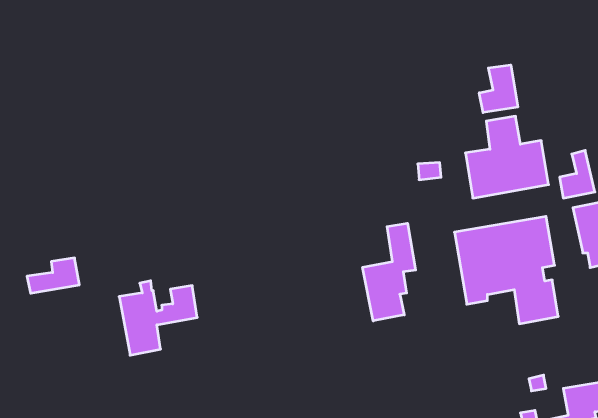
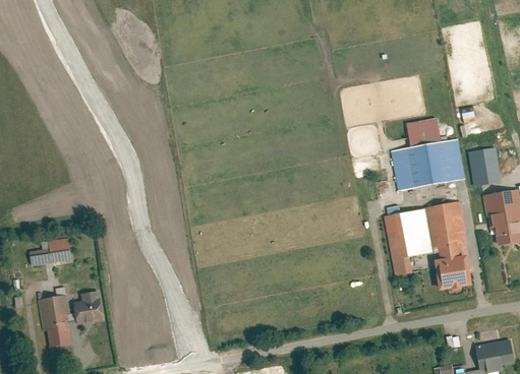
building: [479,65,518,113] -> none
building: [363,223,416,321] -> none
building: [119,281,197,355] -> [38,287,103,349]

